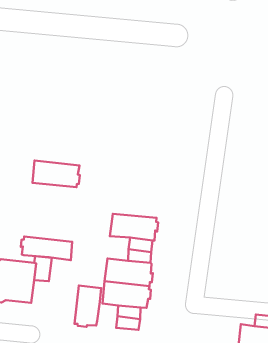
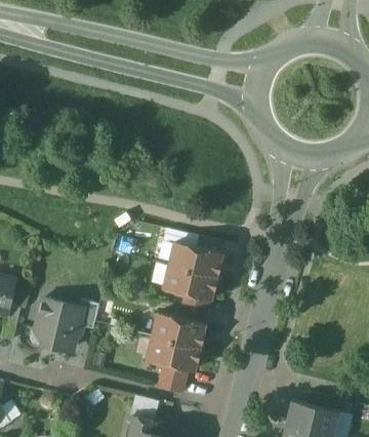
building: [33,161,80,187] -> [169,241,221,275]
building: [21,236,72,260] -> none
building: [75,285,101,327] -> none

